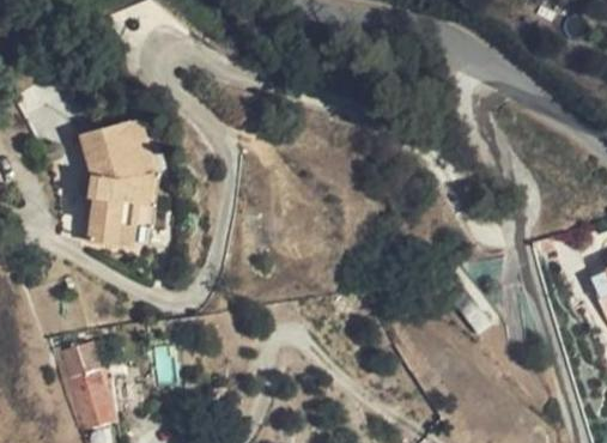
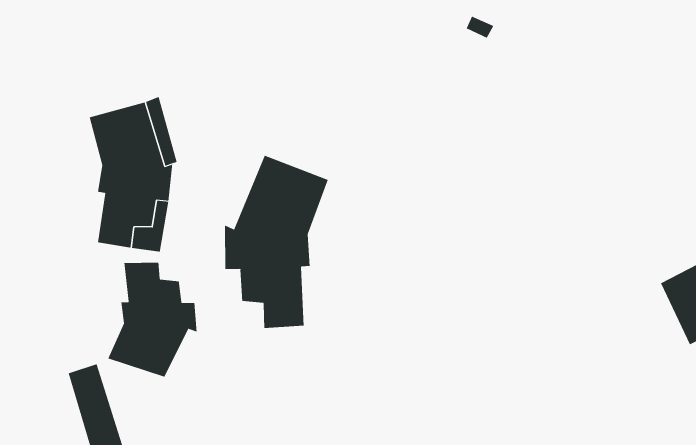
building: none -> [224,155,329,329]
building: none -> [108,262,197,377]

